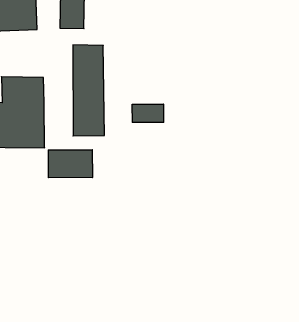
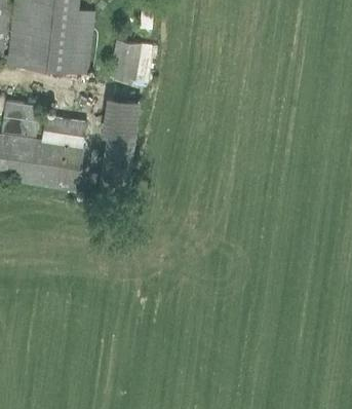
building: [132,104,164,122] -> none
building: [48,150,92,178] -> none

